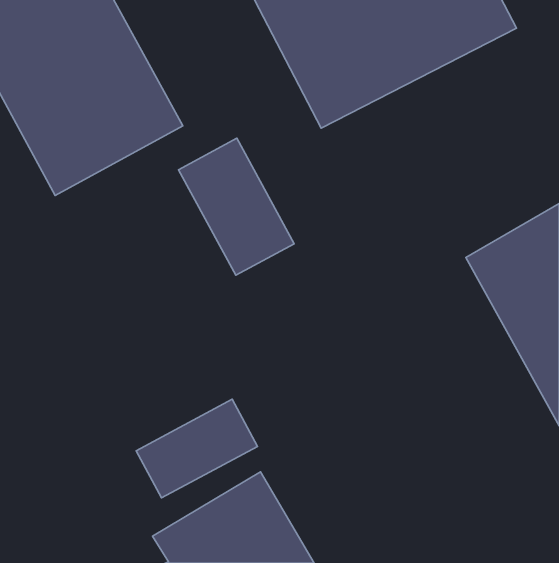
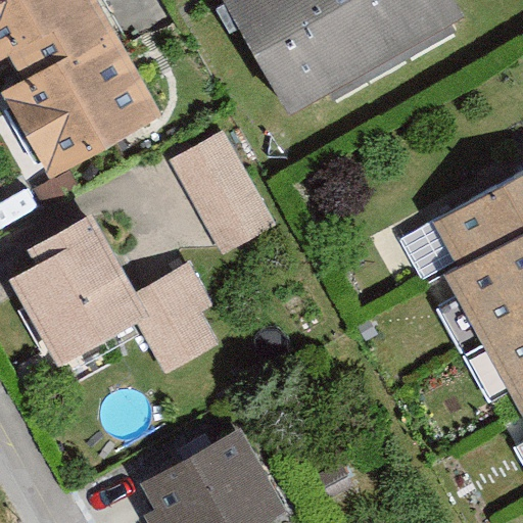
building: none -> [7,212,215,379]
building: [136,399,257,498] -> none

